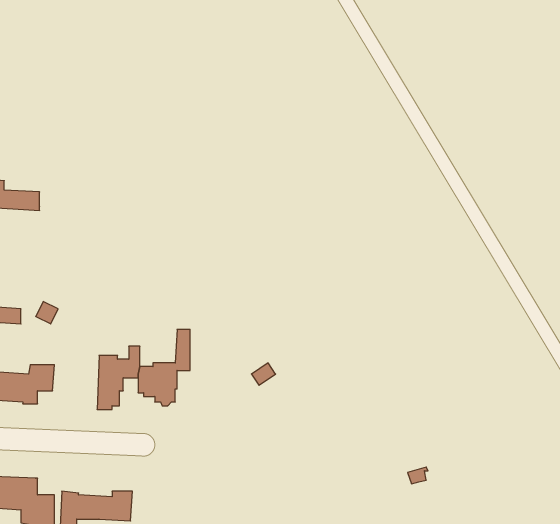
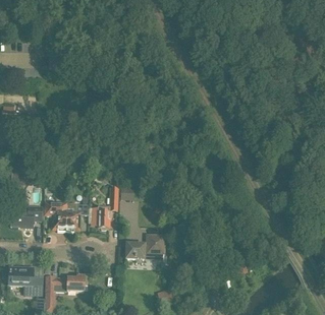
building: none -> [44,200,66,231]
building: none -> [124,234,166,258]

